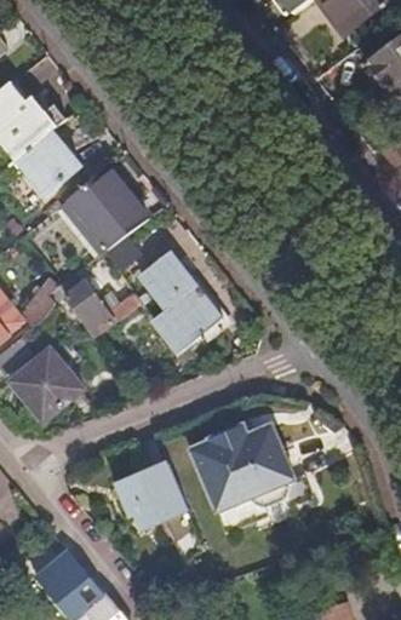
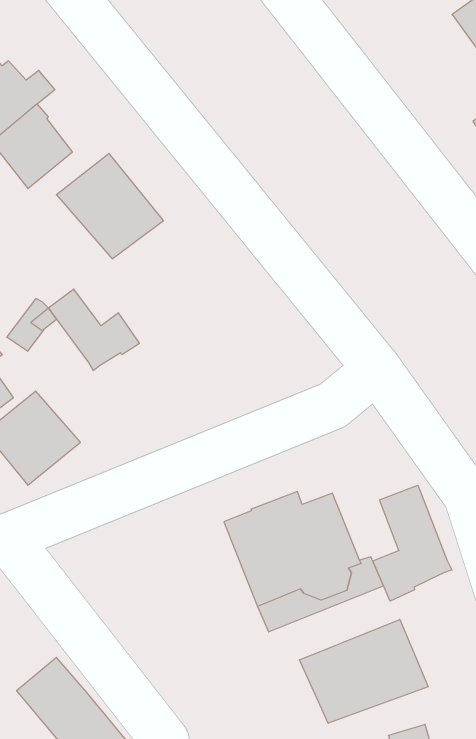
building: [137,251,218,351] -> none
building: none -> [373,485,452,601]
building: [114,461,201,563] -> none
building: none -> [299,619,428,723]

